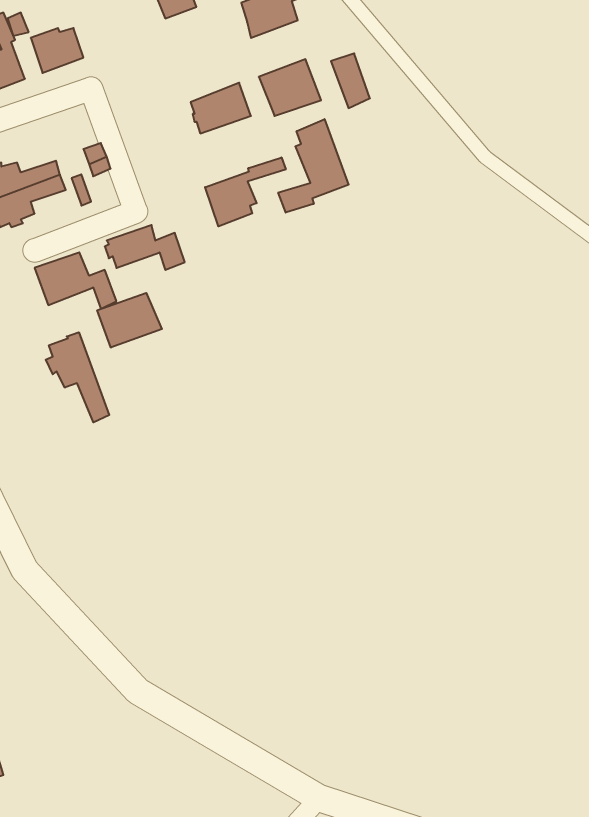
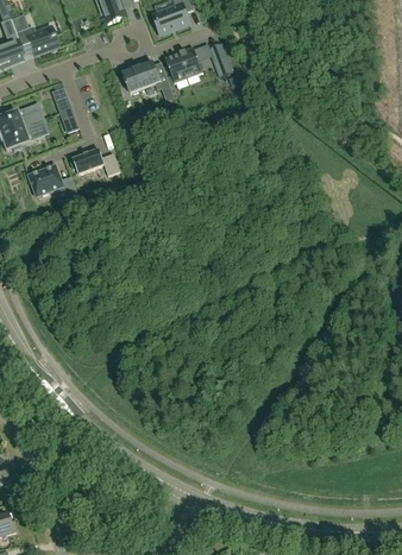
building: [278,119,349,213] -> none
building: [205,157,286,226] -> none
building: [97,293,162,348] -> none
building: [46,332,109,422] -> none

